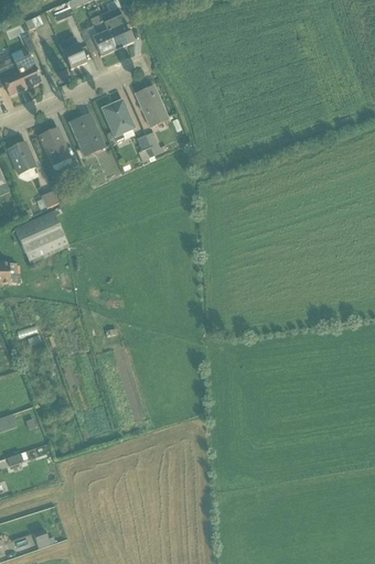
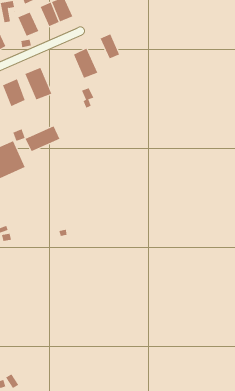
building: none -> [100,33,120,59]
building: [100,96,135,135] -> none
building: none -> [25,126,60,152]

